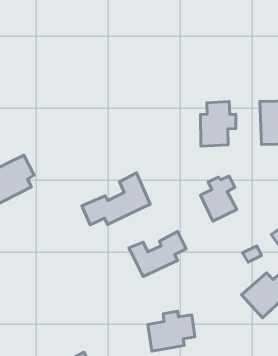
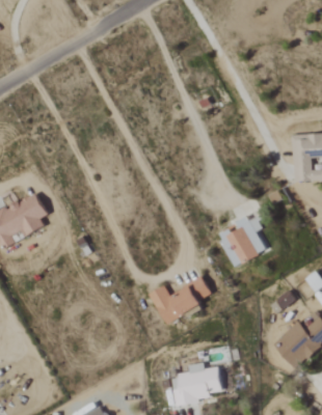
building: [200,101,236,146] -> none
building: [82,173,150,225] -> none

